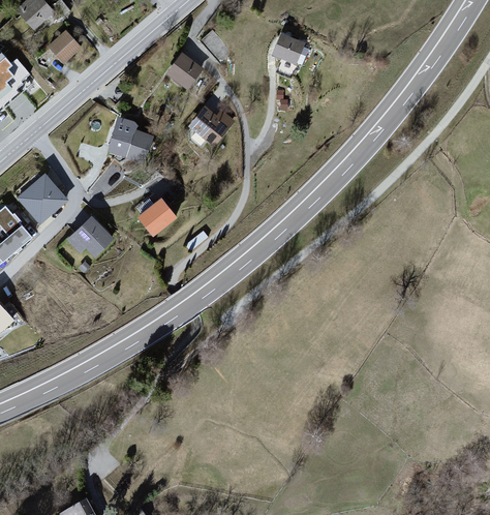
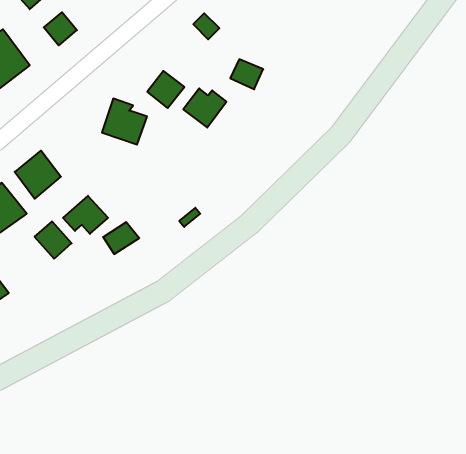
building: [274,34,308,65] -> [230,59,263,89]
building: [166,54,205,92] -> [147,71,184,108]
building: [139,198,176,231] -> [103,222,139,254]
building: none -> [35,221,72,259]

